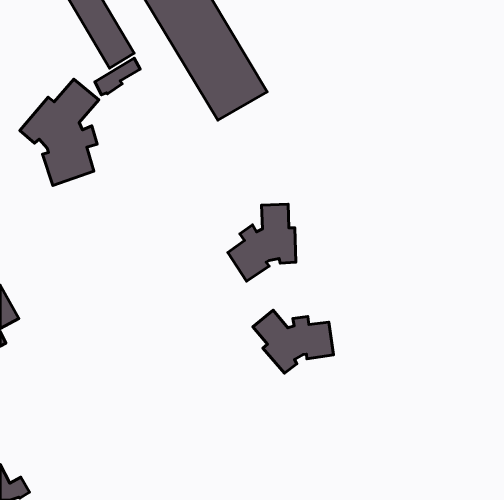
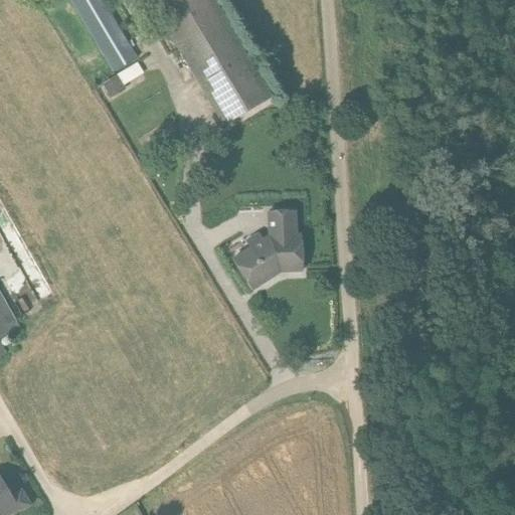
building: [20,79,99,185] -> none
building: [253,310,333,373] -> none

